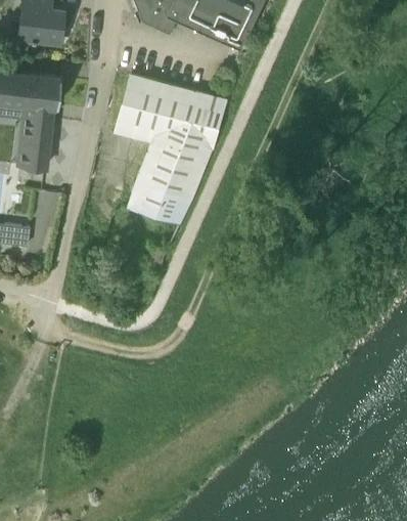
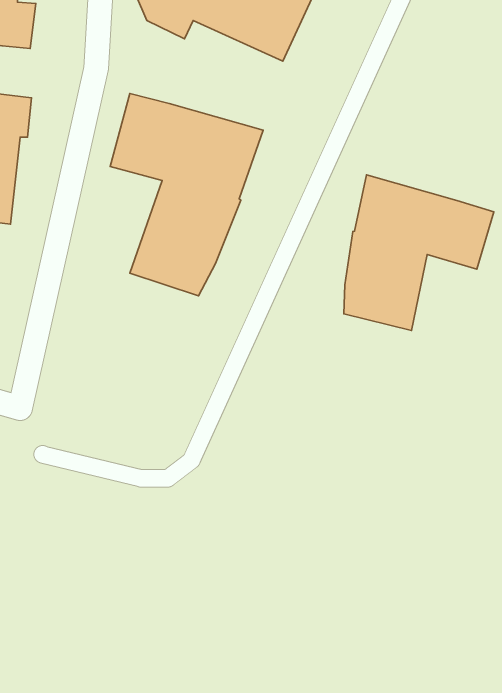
building: none -> [344,175,494,331]

